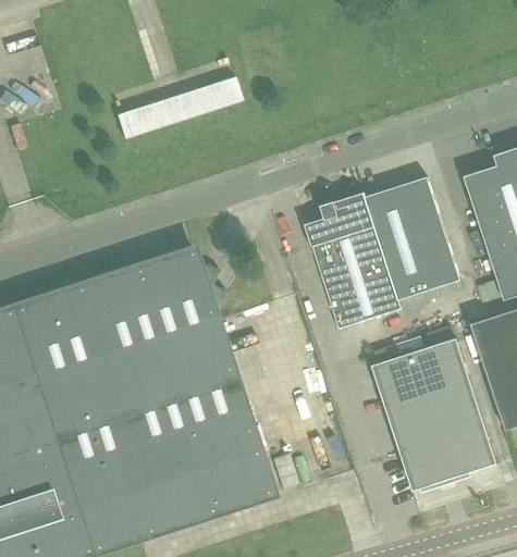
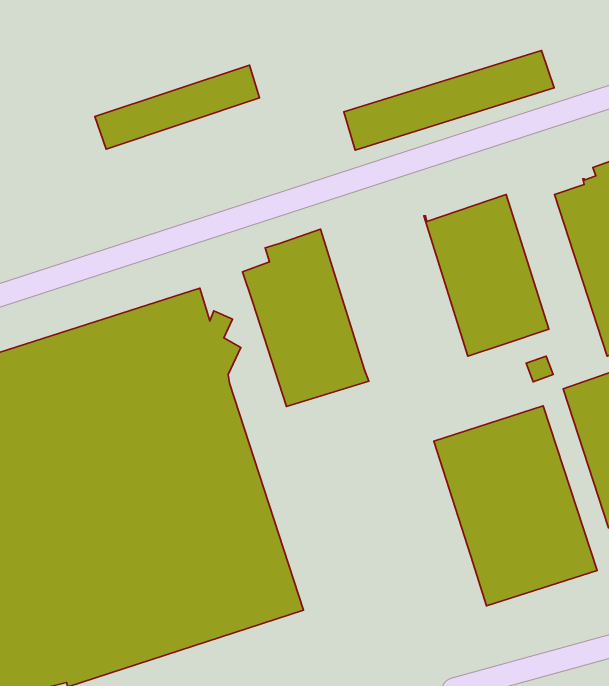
building: none -> [344,50,554,150]
building: [305,191,402,327] -> [243,229,369,407]

